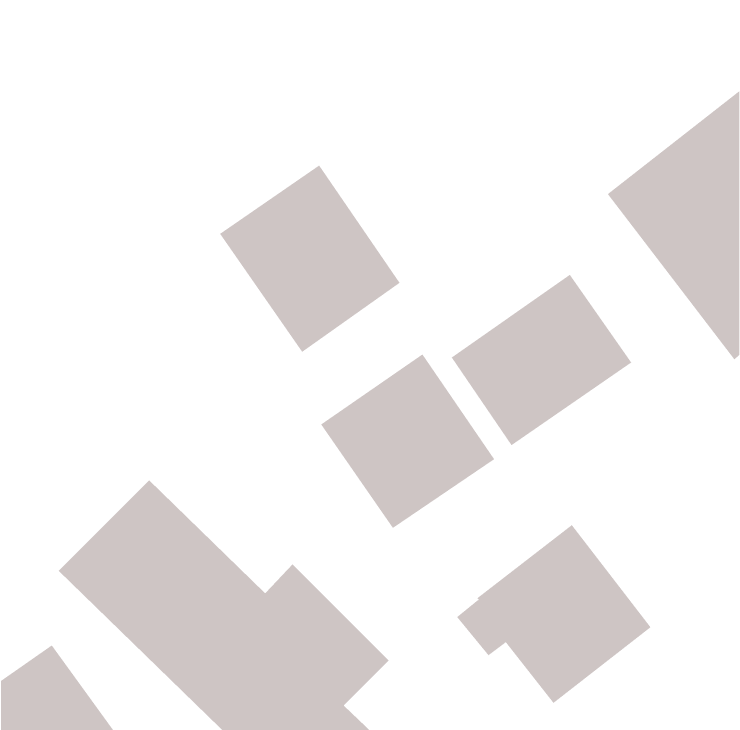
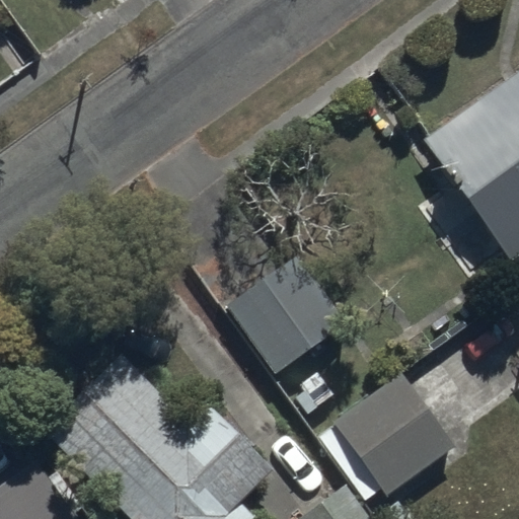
building: [219,165,400,353] -> none
building: [451,274,632,446] -> none

